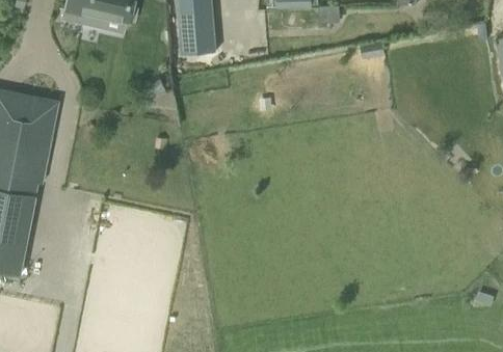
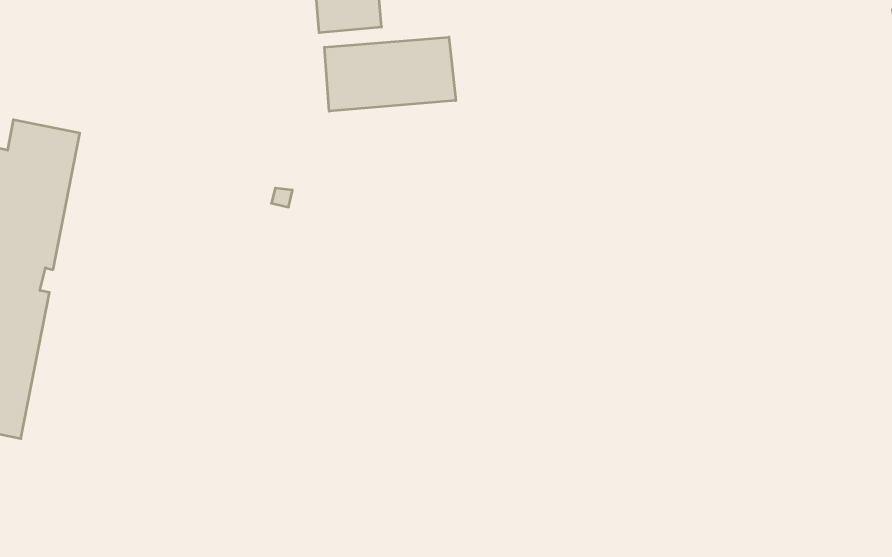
building: none -> [324,37,456,111]

